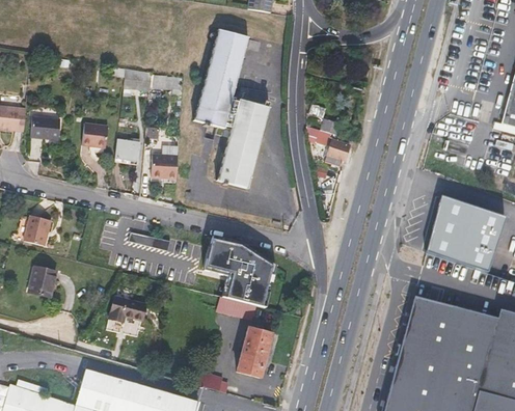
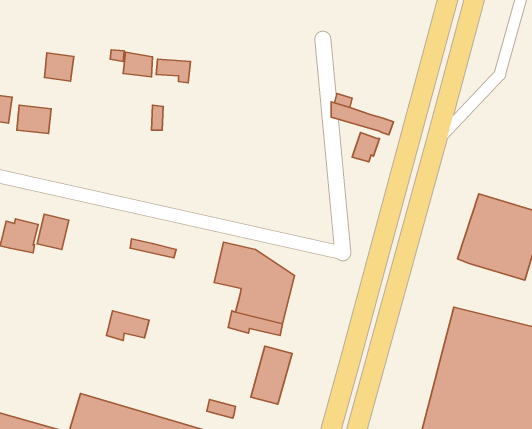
building: [195,30,270,189] -> none
building: [83,124,109,148] -> [44,53,74,81]
building: [116,140,140,161] -> none
building: [153,157,179,180] -> none
building: [29,267,57,298] -> [37,214,69,250]

